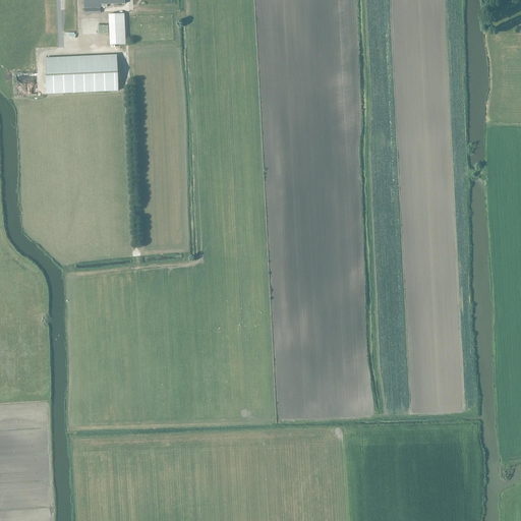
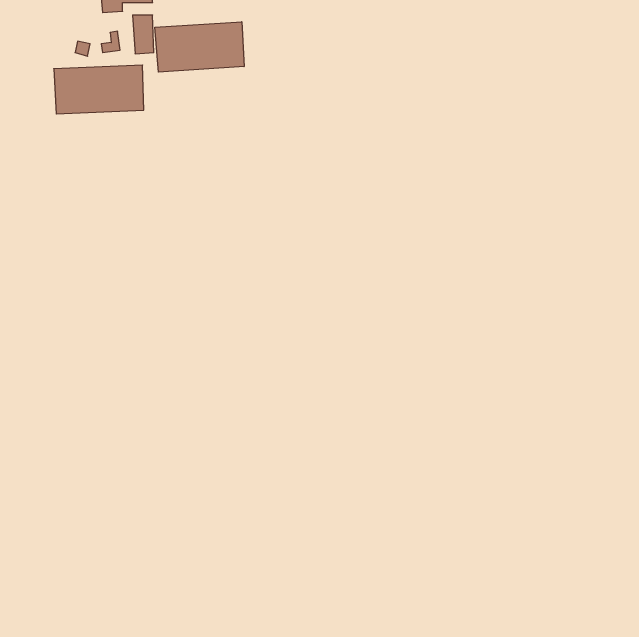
building: none -> [155,22,244,72]

